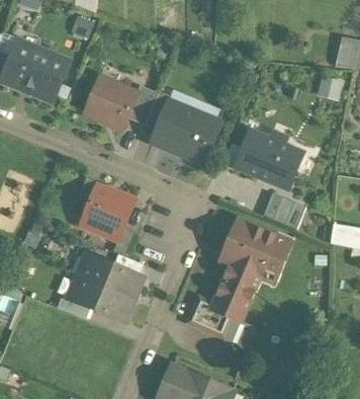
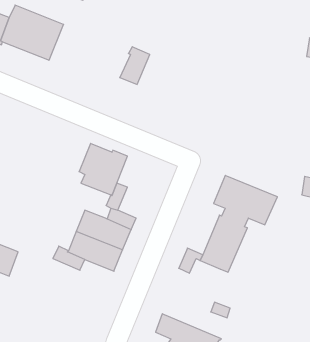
building: [85,76,139,128] -> none
building: [153,99,221,162] -> none
building: [236,131,303,187] -> none
building: [264,191,306,228] -> none
building: [198,306,233,337] -> none

